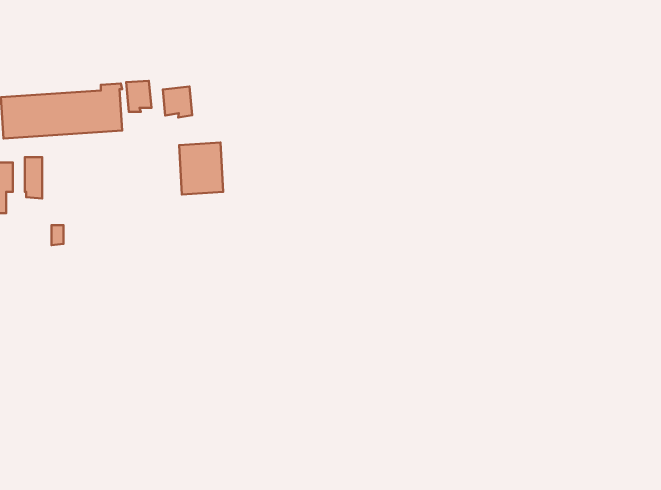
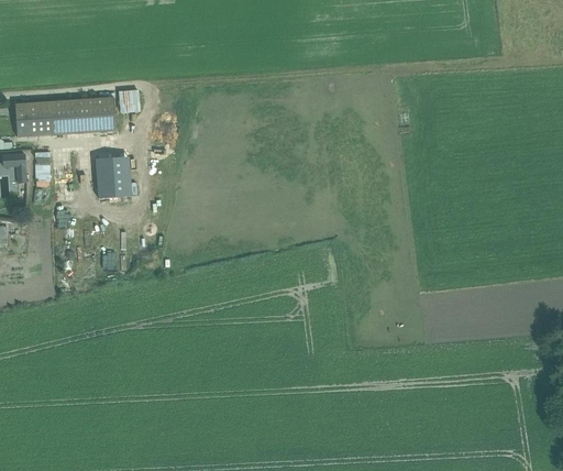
building: [163,86,192,117] -> none
building: [179,143,223,195] -> [95,154,131,197]

